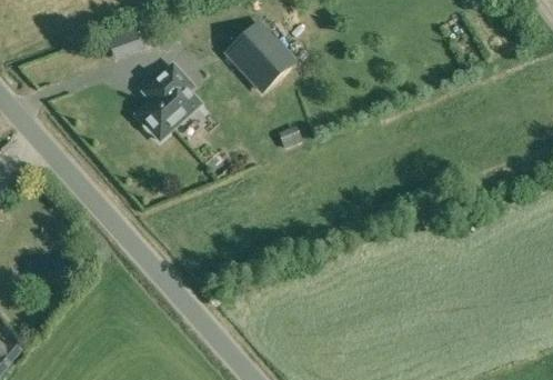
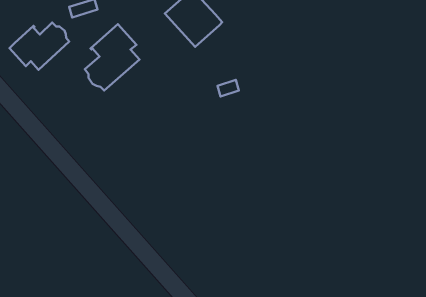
building: none -> [10,23,69,70]

